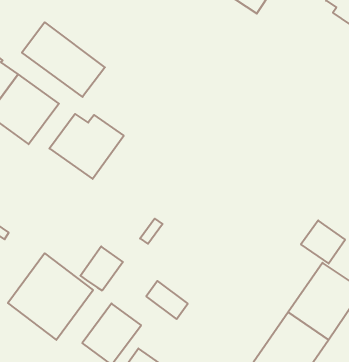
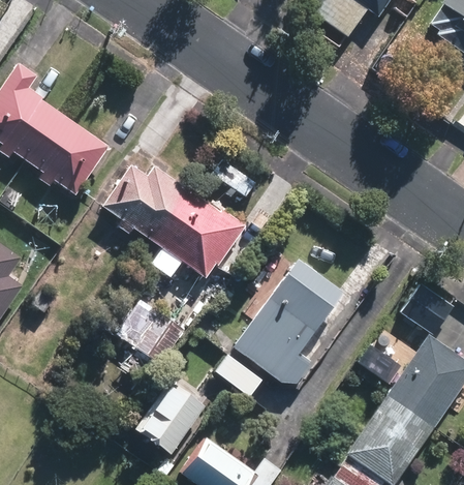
building: [22,22,105,97] -> none
building: none -> [150,183,244,273]
building: none -> [235,261,347,387]
building: [8,253,93,340] -> none

